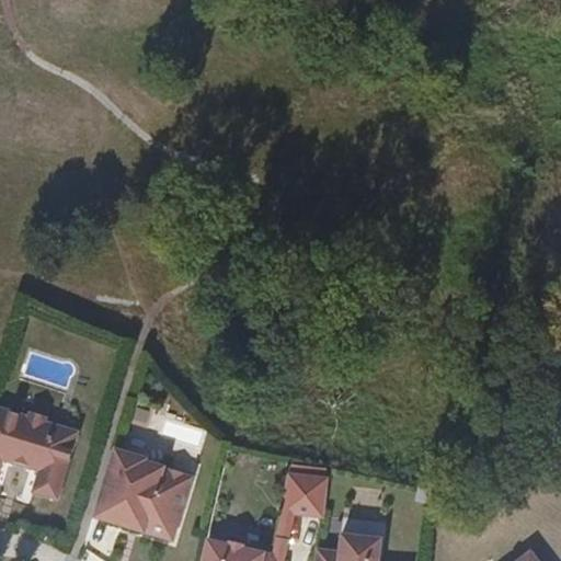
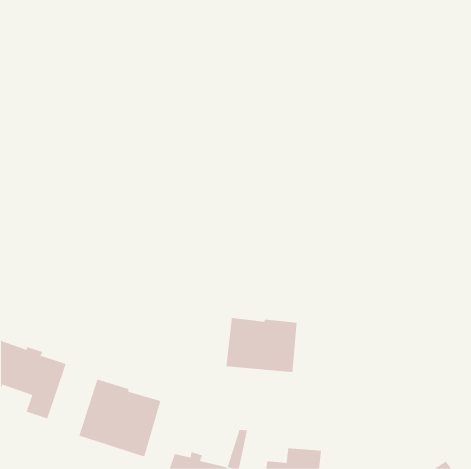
building: none -> [226,317,297,373]
building: [284,474,327,514] -> none

